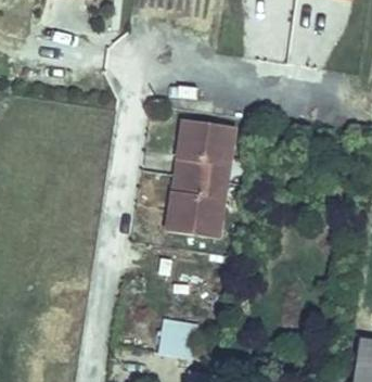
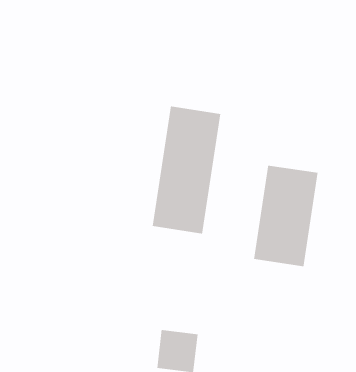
building: none -> [254,165,318,267]

